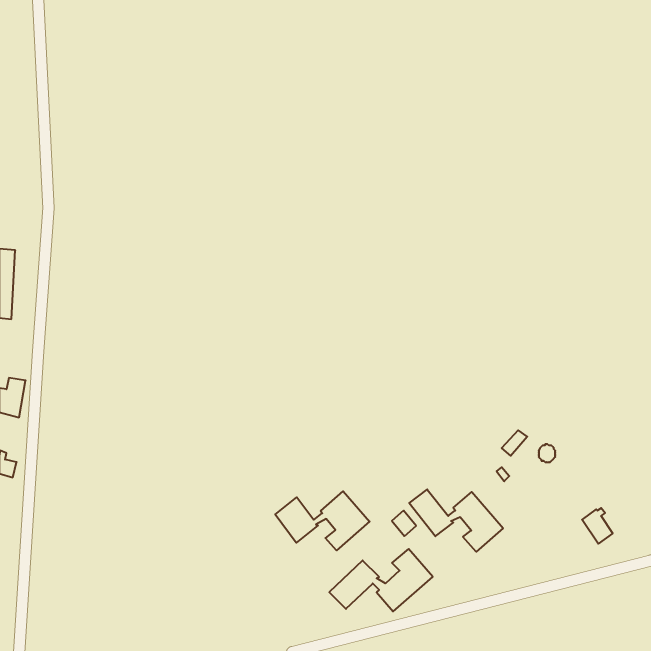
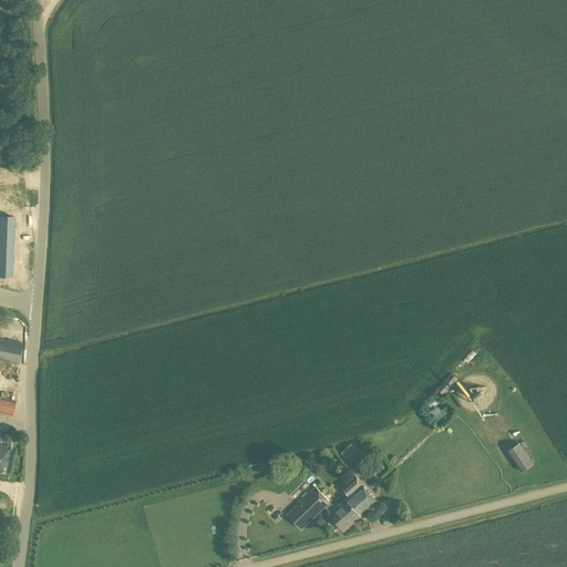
building: [409,489,503,552] -> none
building: [275,491,370,550] -> none

